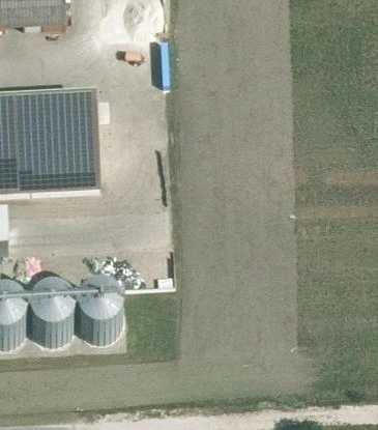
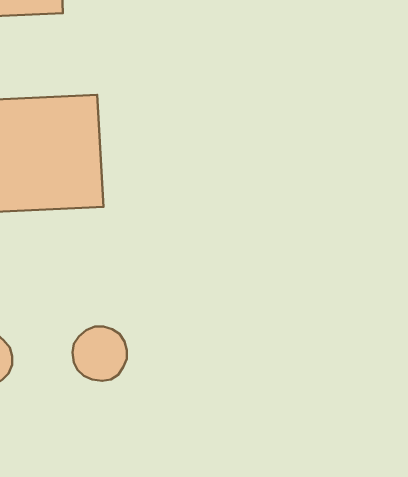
building: [26,290,71,336] -> none

